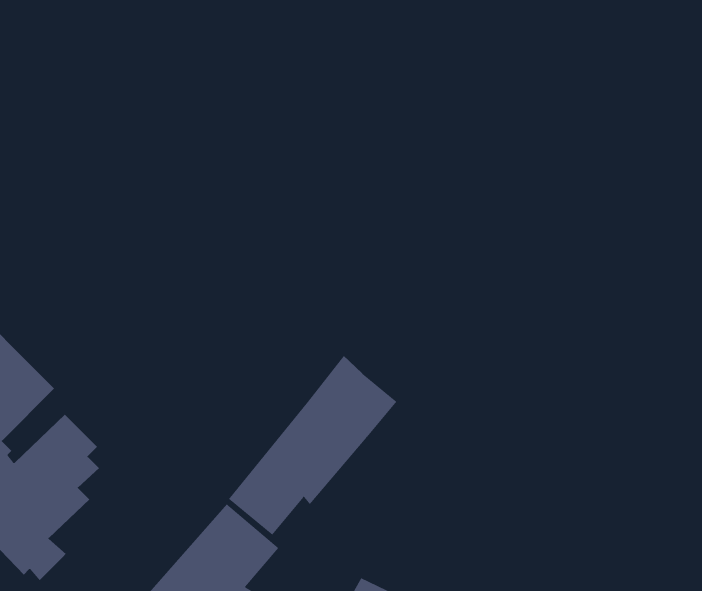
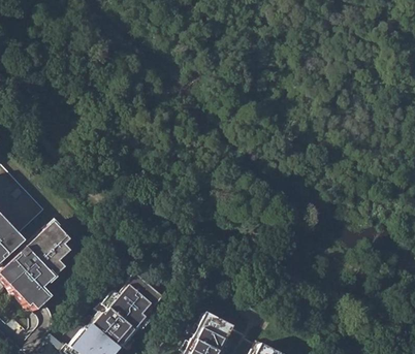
building: [228,355,397,536] -> none

